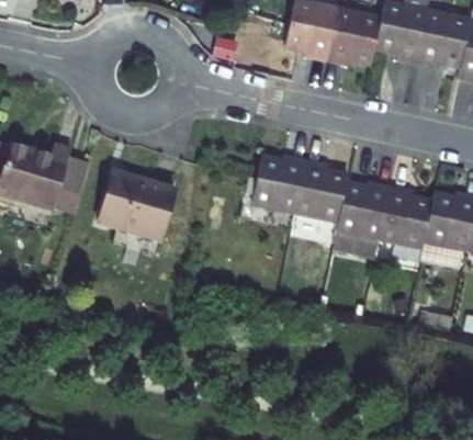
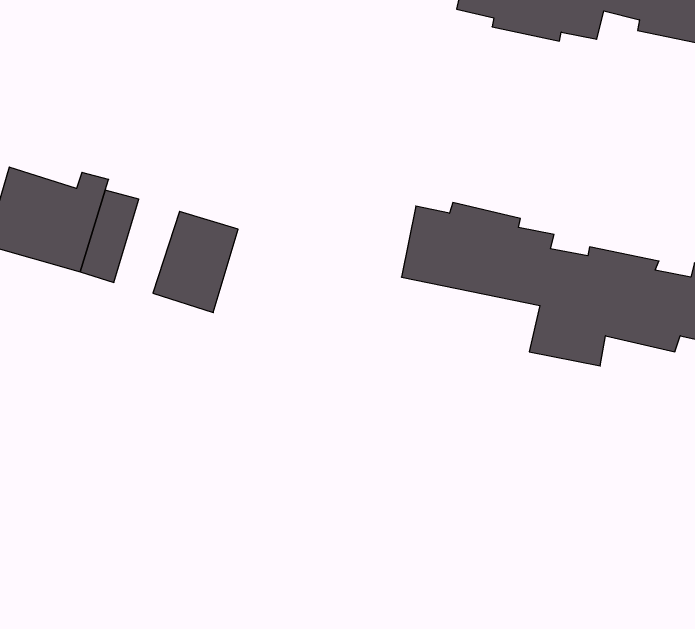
building: [136,176,176,235] -> none

